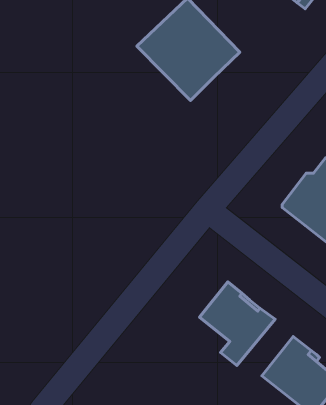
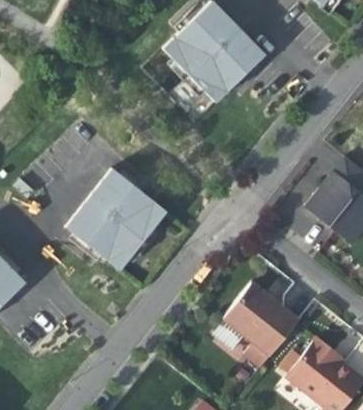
building: none -> [66,168,167,269]

